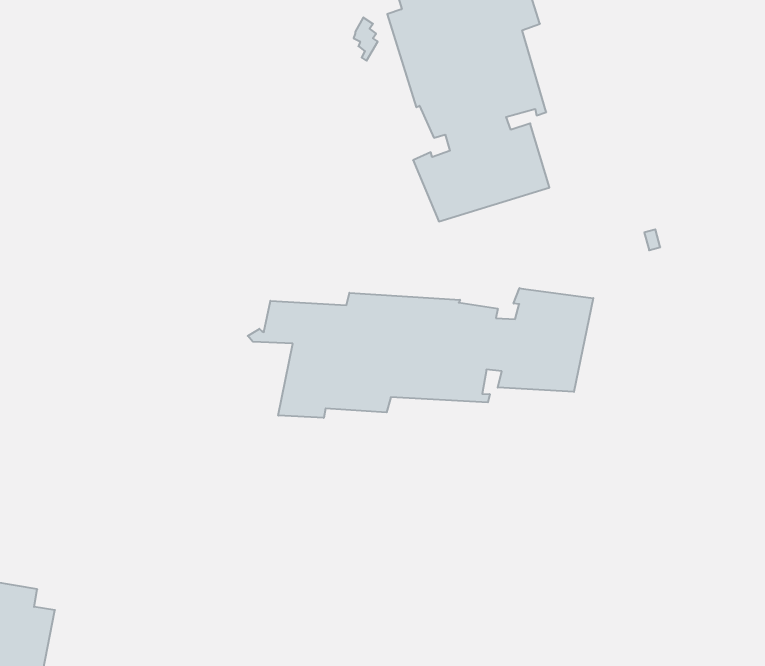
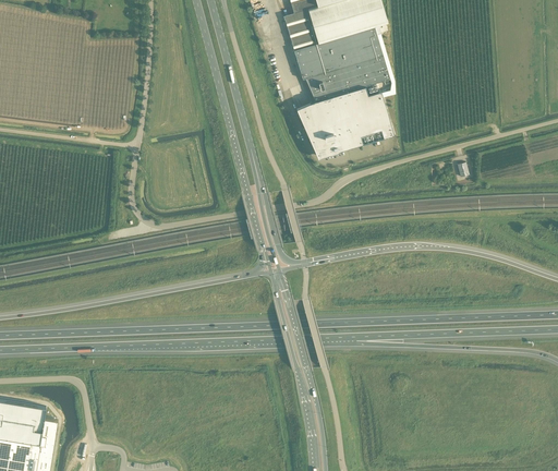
building: [248,288,593,418] -> none

